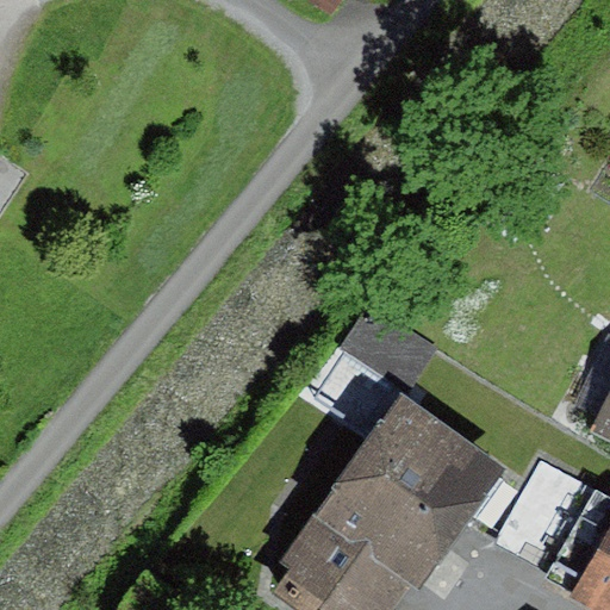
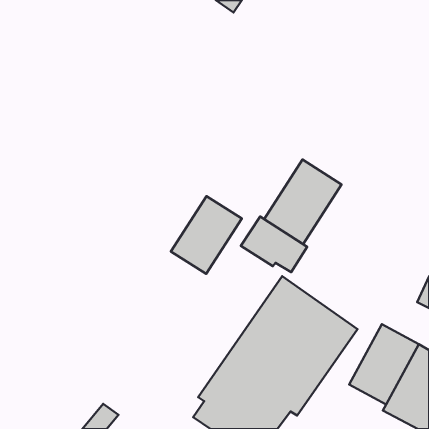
building: none -> [264,160,342,244]
building: none -> [171,196,242,274]

